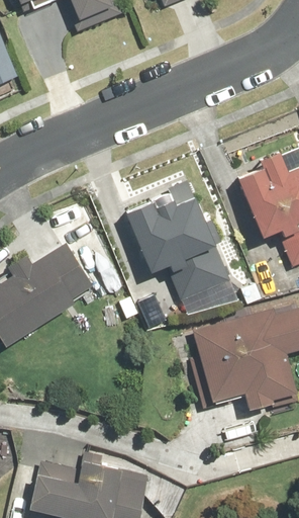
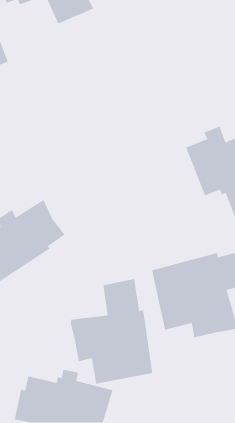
building: [121,193,234,299] -> none
building: none -> [70,278,153,385]

